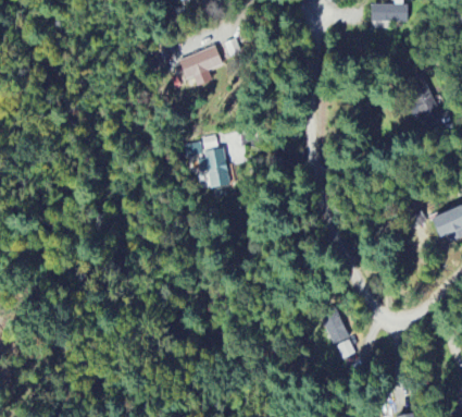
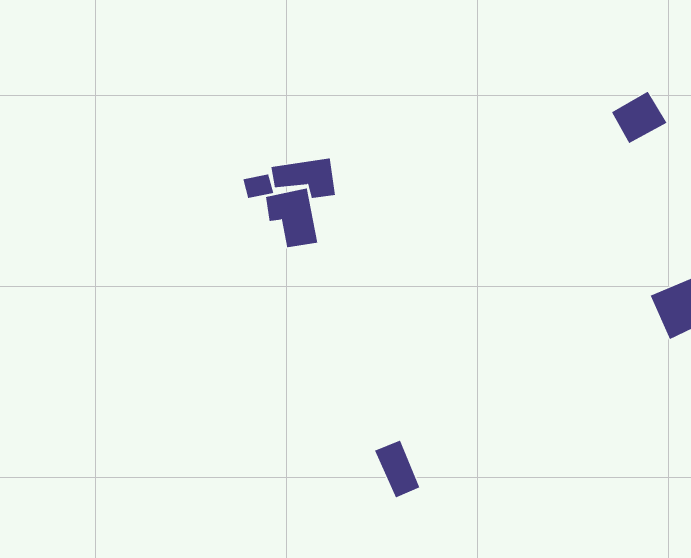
building: [178,47,222,77] -> none
building: [320,309,348,345] -> [374,440,420,498]

